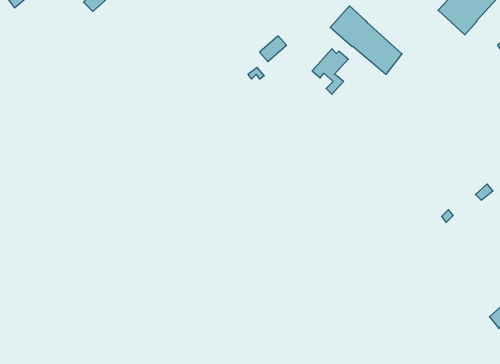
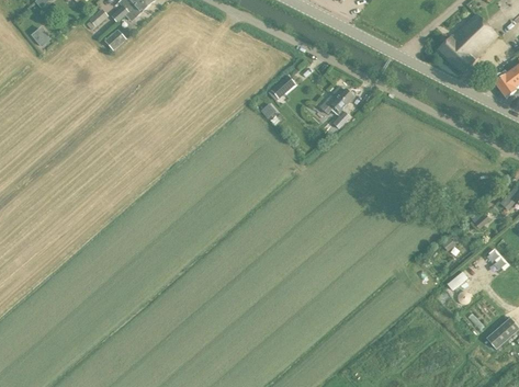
building: [330,6,402,74] -> none

